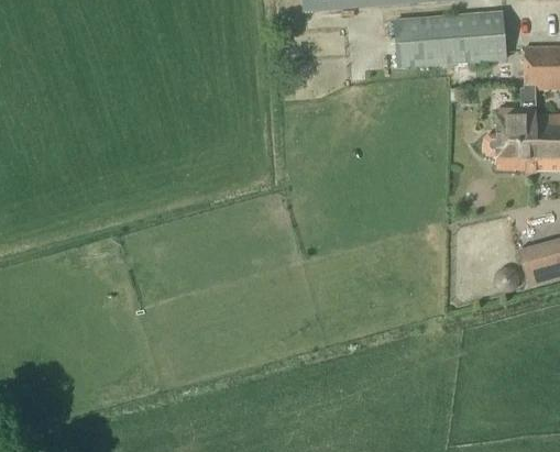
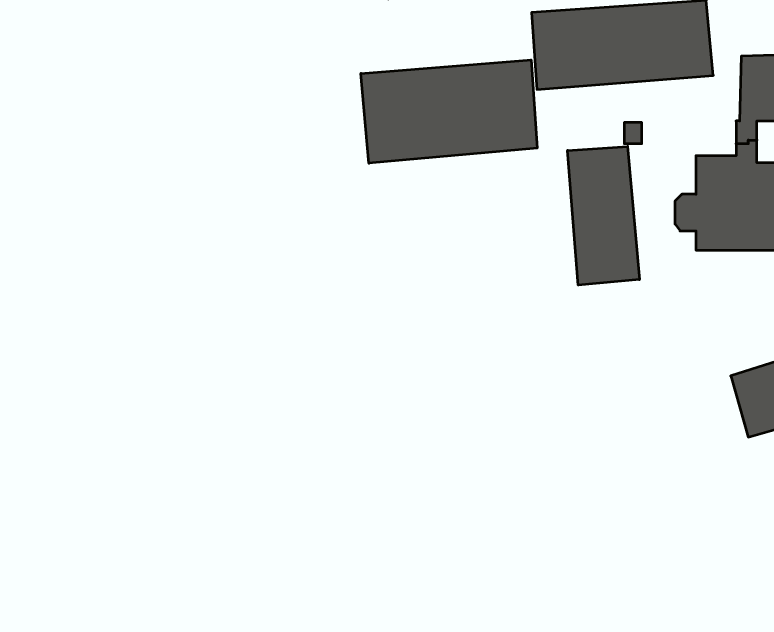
building: none -> [361,60,537,163]
building: none -> [568,146,639,285]

